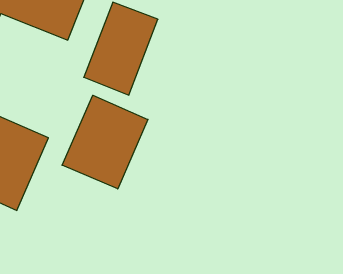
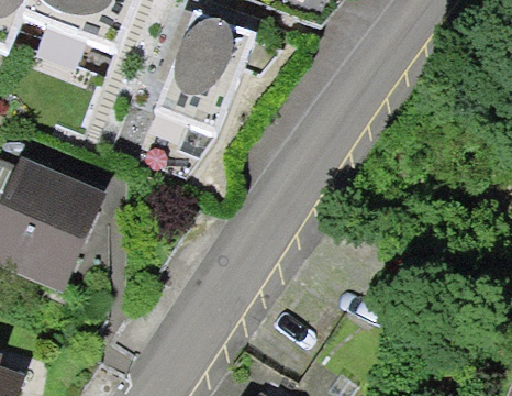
building: [62,95,148,189] -> none

